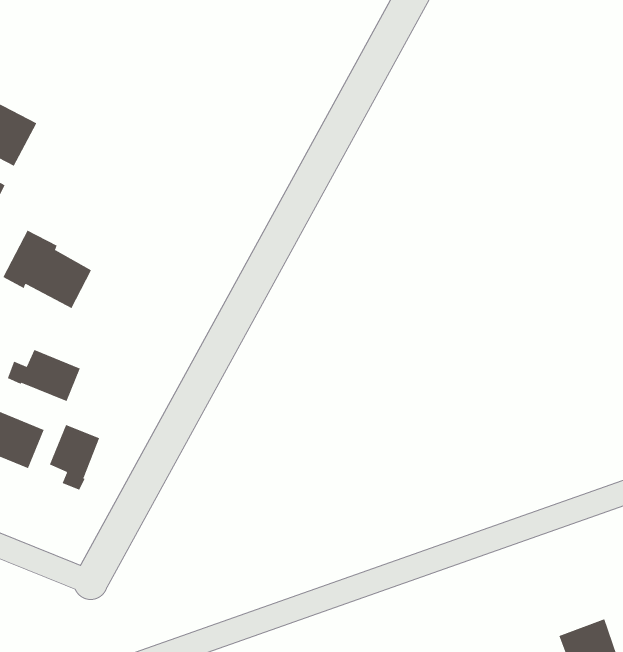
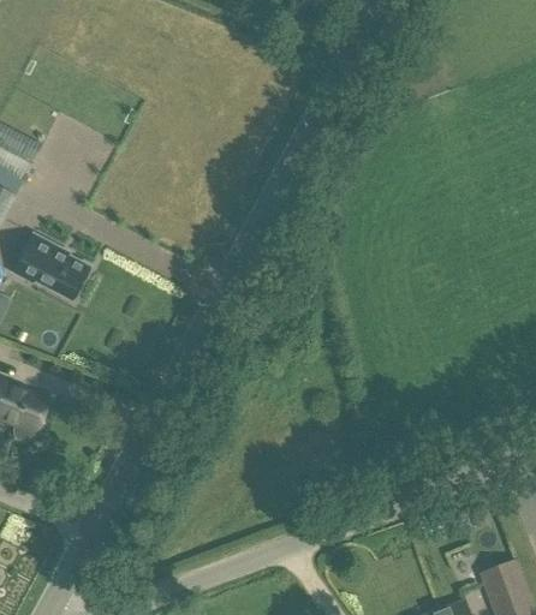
building: [7,349,81,402] -> none
building: [49,424,100,490] -> none

